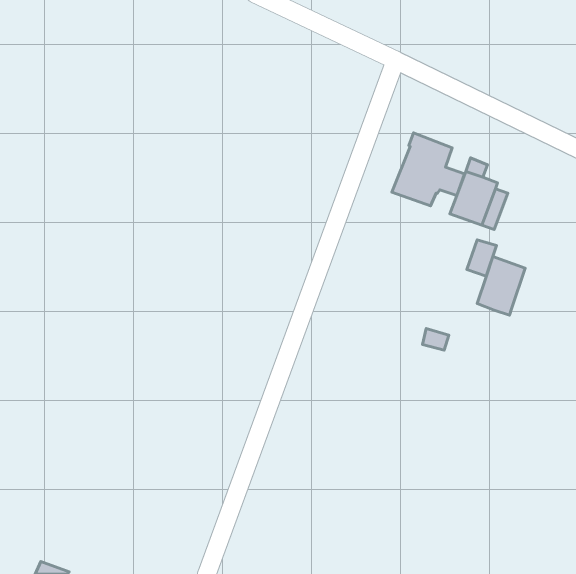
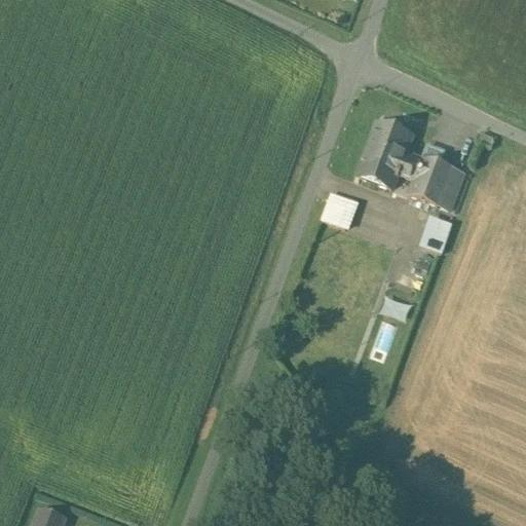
building: none -> [324,191,358,226]
building: [477,257,525,315] -> none

